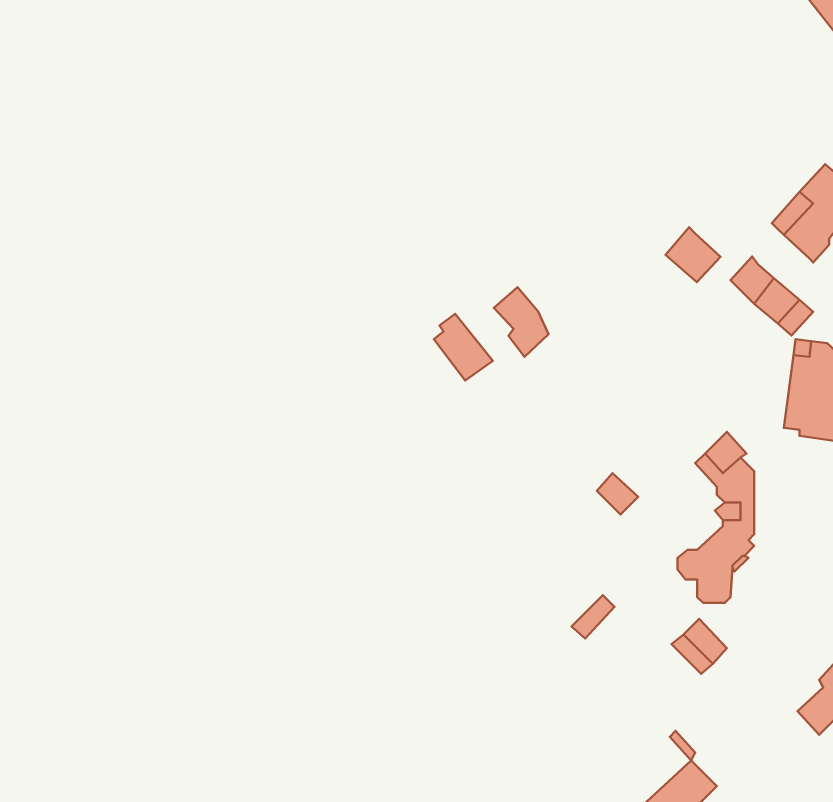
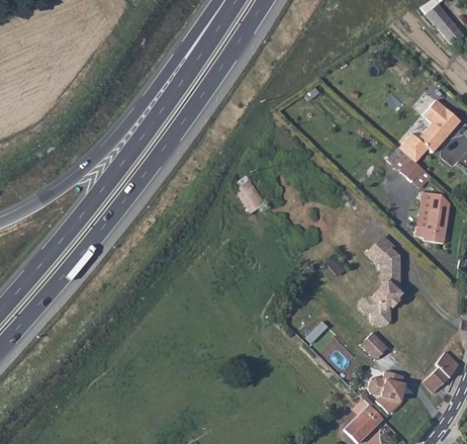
building: [665,227,721,282] -> [401,132,430,161]
building: [494,287,549,357] -> none
building: none -> [369,367,407,414]

